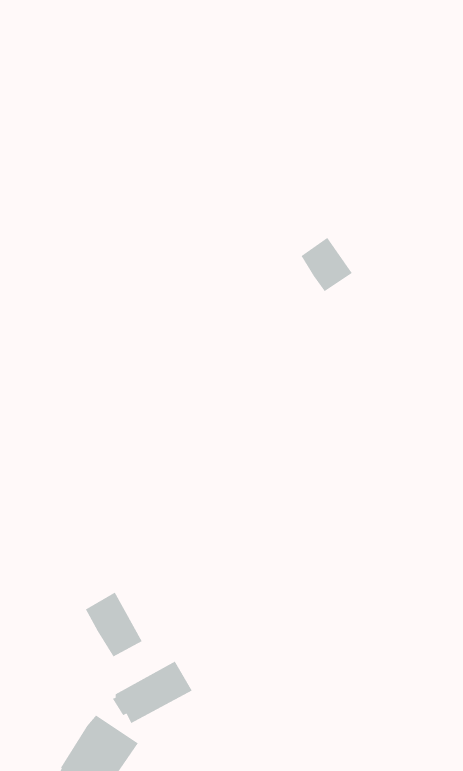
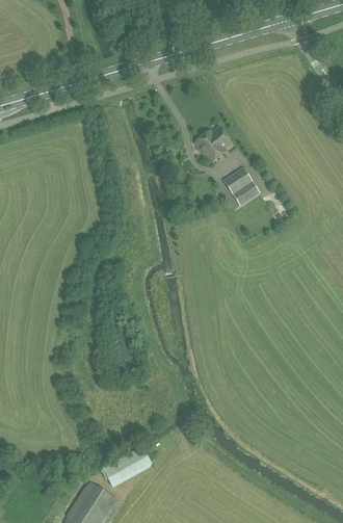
building: none -> [194,128,231,162]
building: [85,591,143,658] -> none

